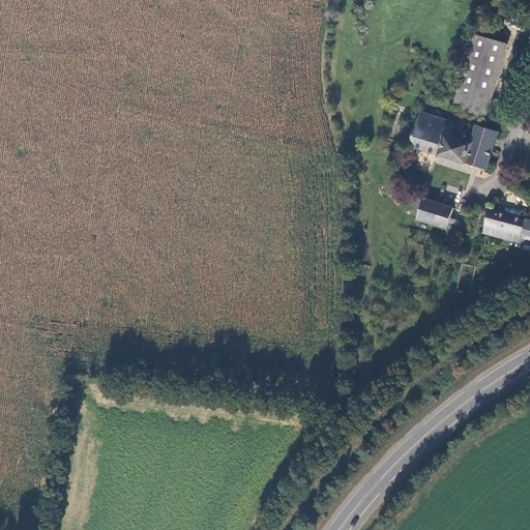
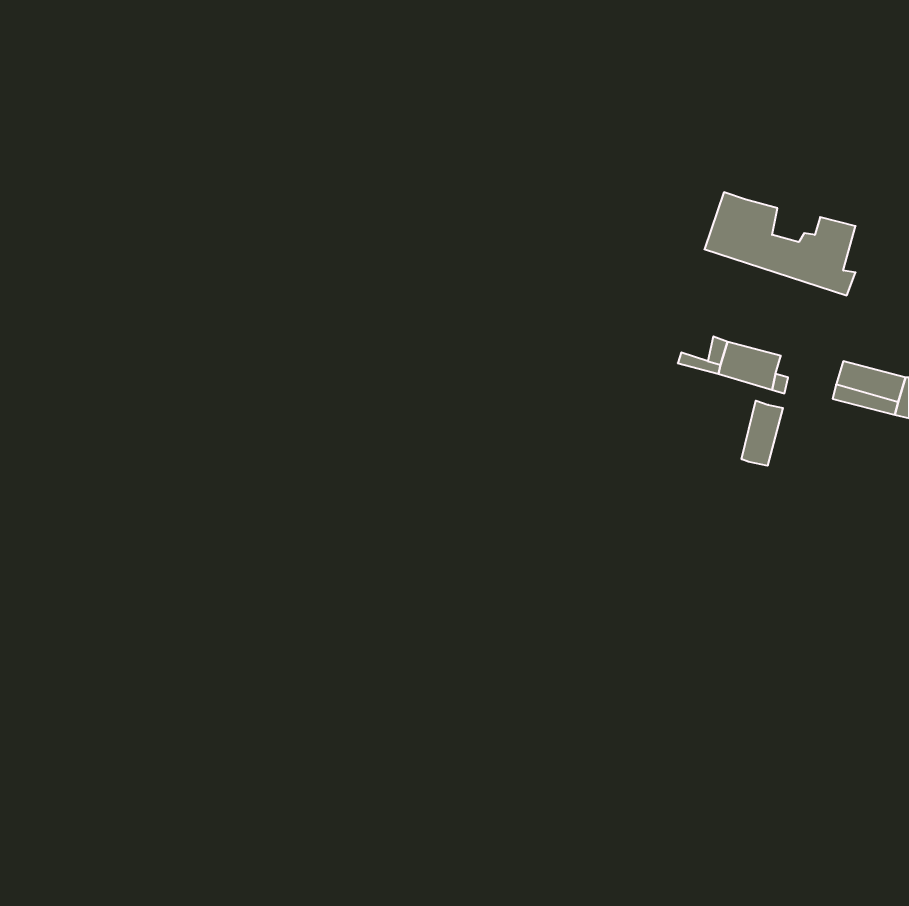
building: [455,35,505,114] -> none
building: none -> [742,401,783,466]

